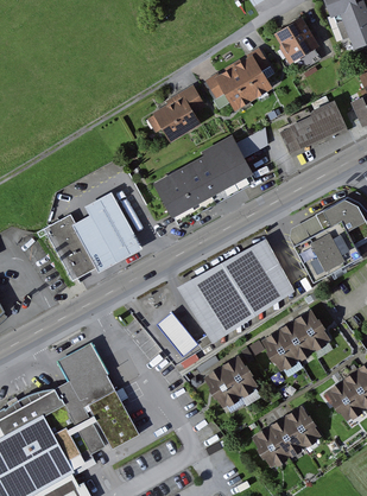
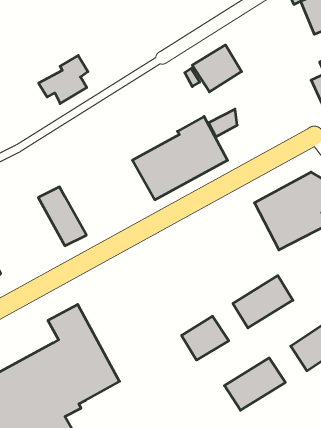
building: [277,19,321,63] -> none
building: [147,87,202,140] -> [39,55,88,104]
building: [279,102,348,155] -> none
building: [75,190,145,271] -> none
building: [175,240,291,343] -> none
building: [154,312,196,357] -> none

